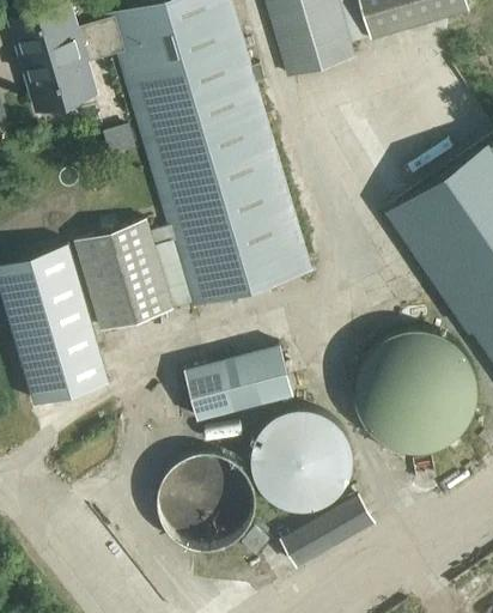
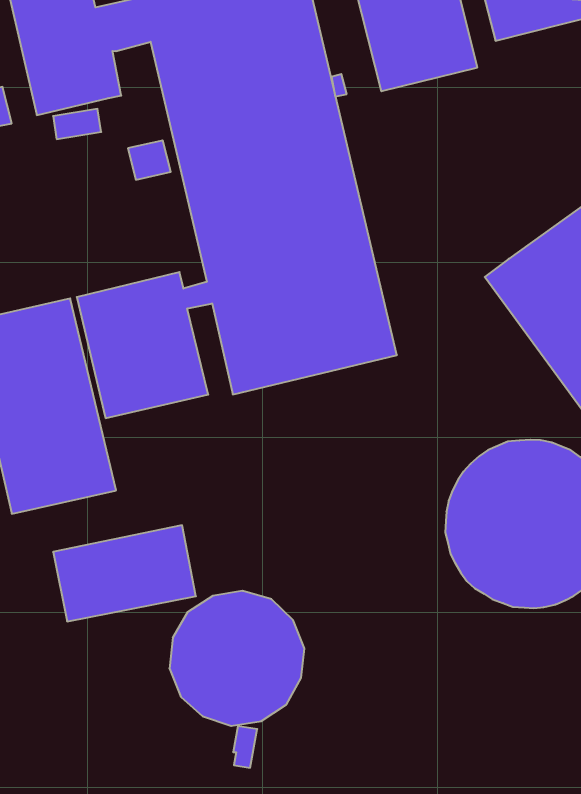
building: [187,345,293,420] -> [53,525,196,621]
building: [254,409,354,510] -> none
building: [280,494,375,568] -> none

